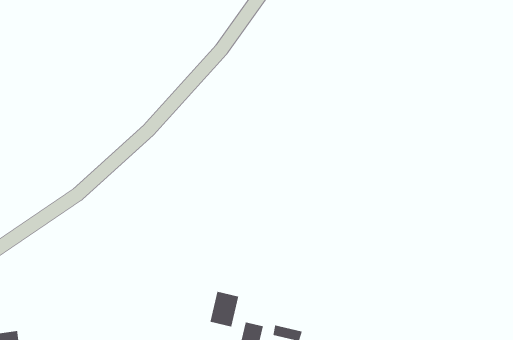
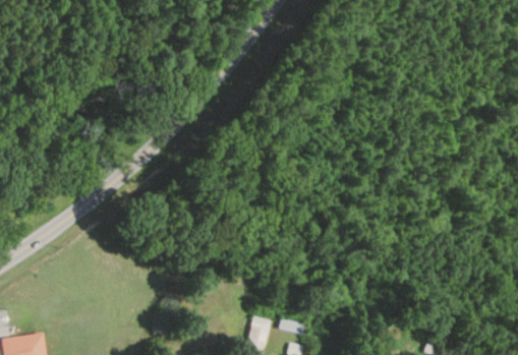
building: [209,291,239,327] -> none

